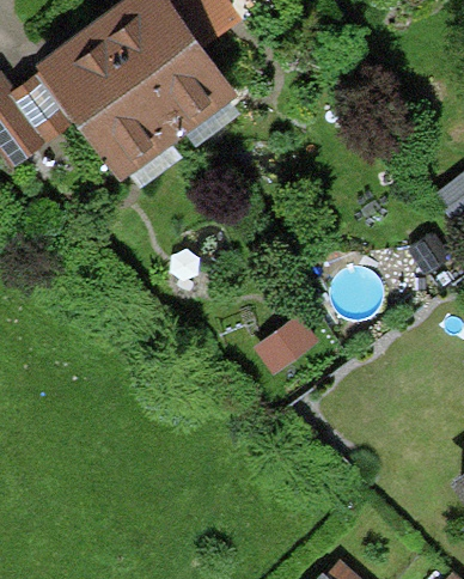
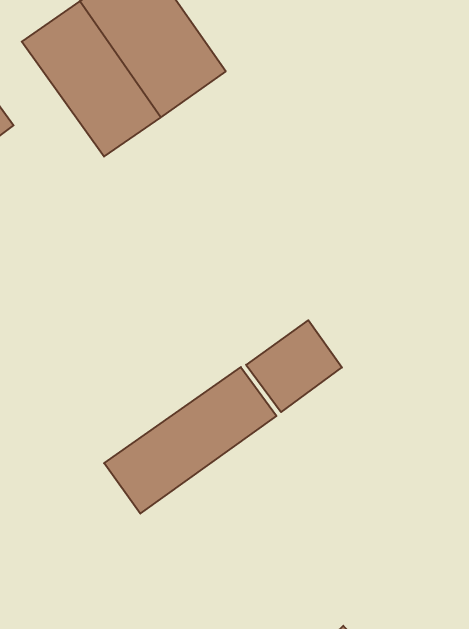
building: none -> [104,367,276,514]

